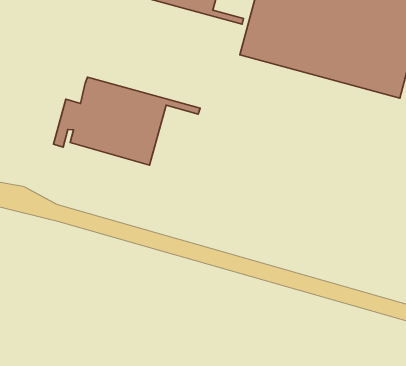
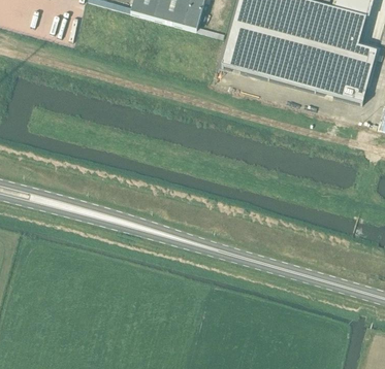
building: [54,77,200,165] -> none

